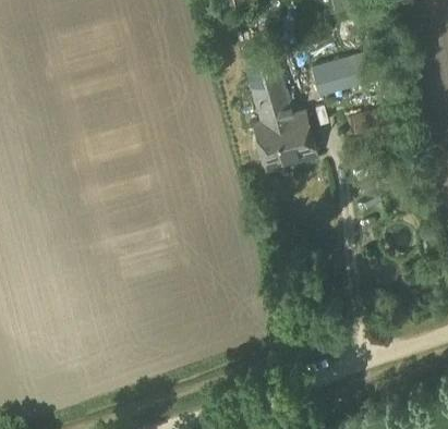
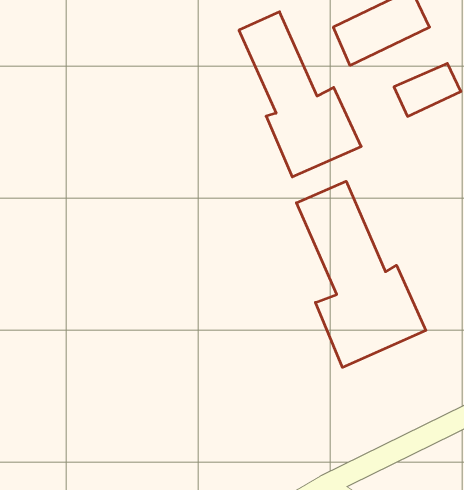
building: none -> [296,181,426,367]

